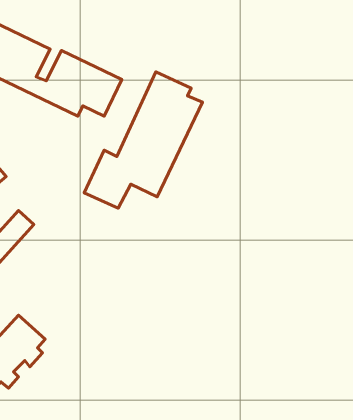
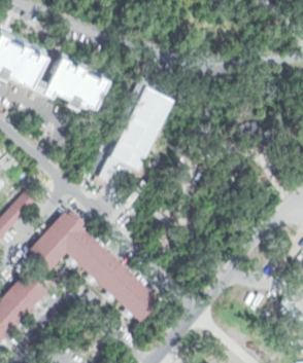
building: none -> [27,210,164,325]

